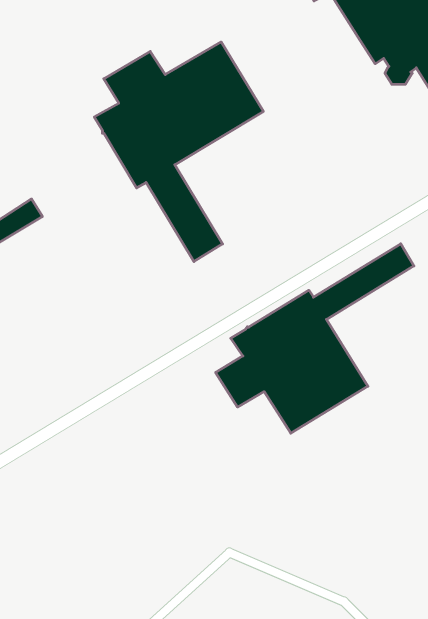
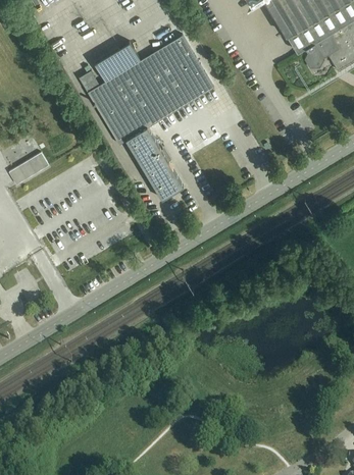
building: [216,244,414,433] -> none

